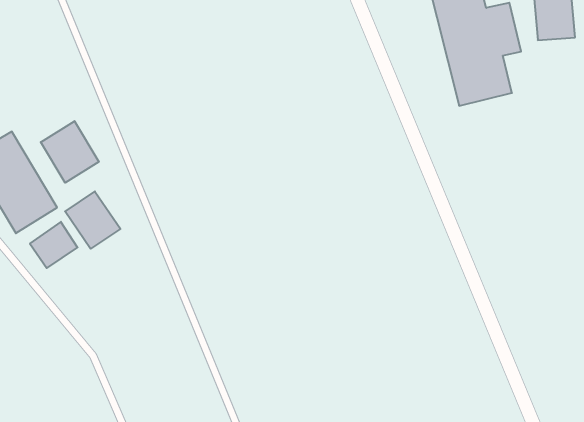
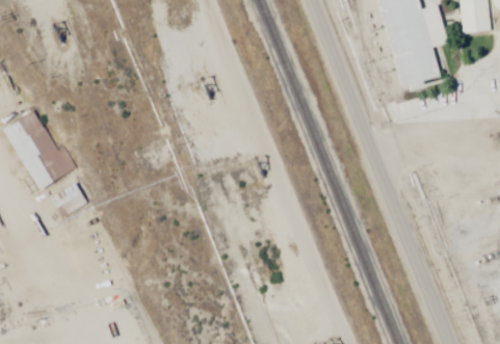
building: [41,121,99,183] -> none
building: [65,191,120,249] -> none

